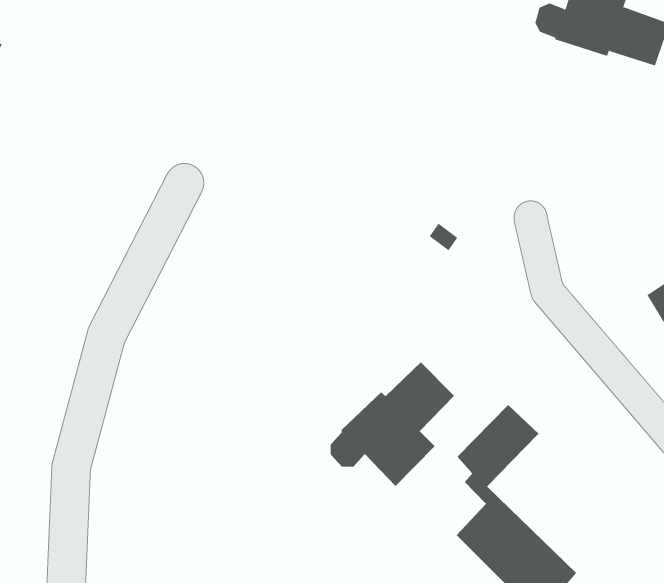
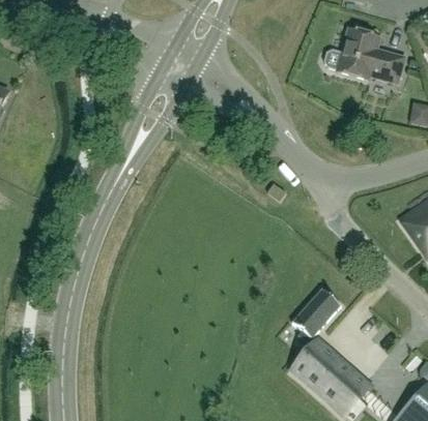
building: [330,362,455,487] -> none

